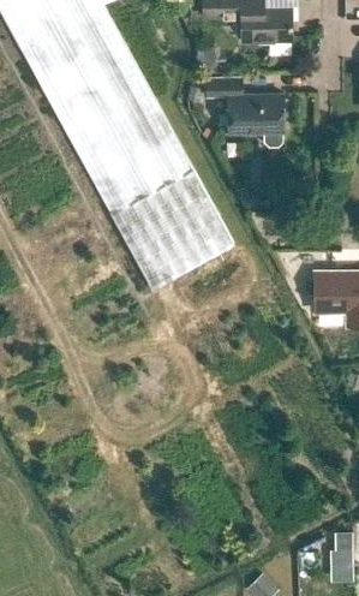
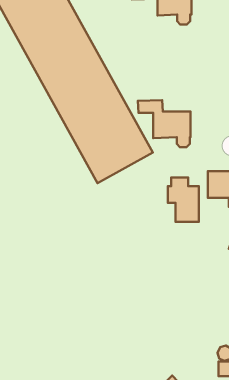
building: [205,77,283,147] -> [138,100,191,147]
building: none -> [168,177,199,222]

